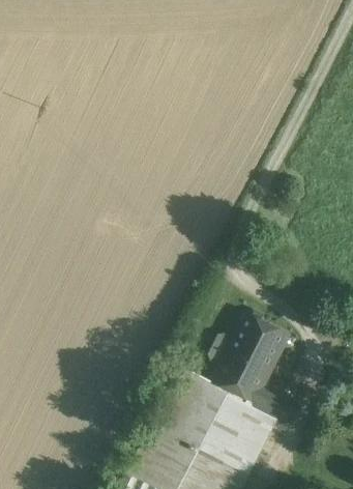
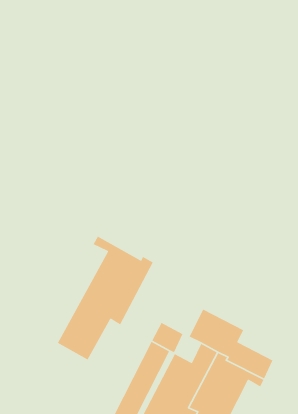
building: none -> [57,236,154,360]
building: [226,314,288,373] -> none

